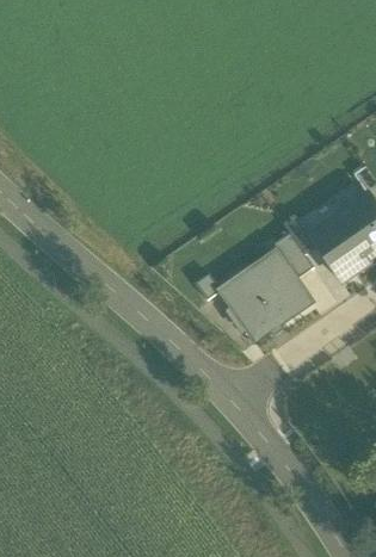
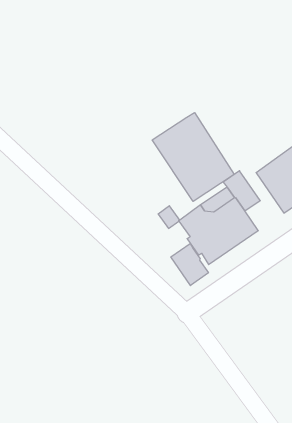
building: none -> [152,113,234,201]
building: none -> [171,243,208,286]

